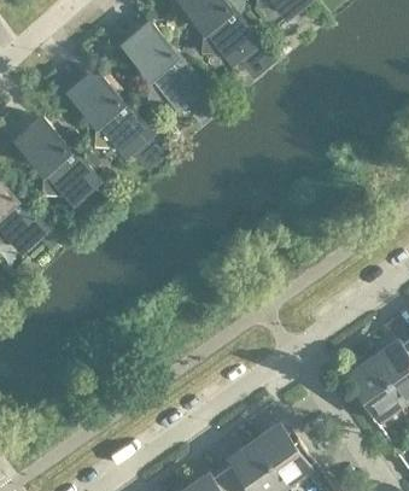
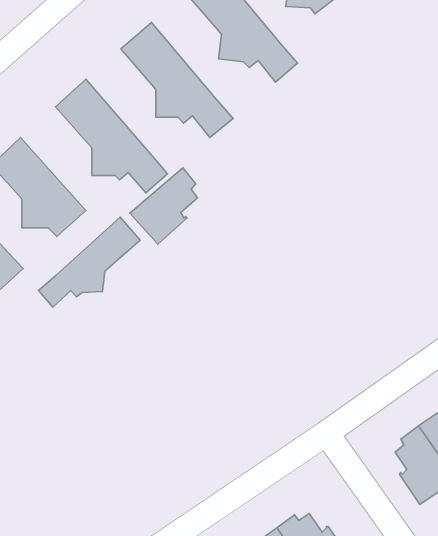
building: none -> [130,168,197,244]
building: none -> [39,217,140,307]

